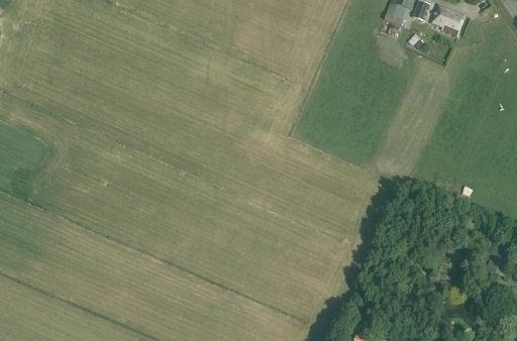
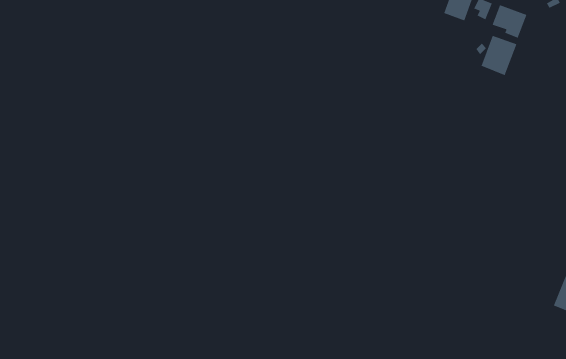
building: none -> [480,35,517,76]

